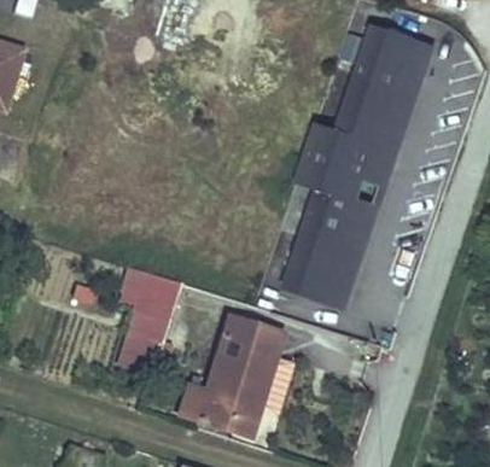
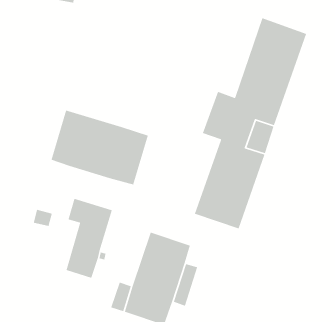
building: none -> [51,110,149,186]

